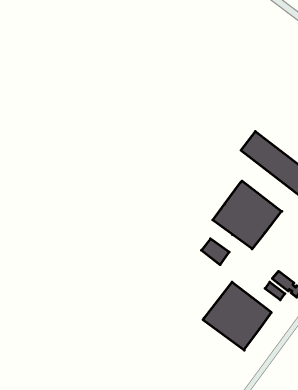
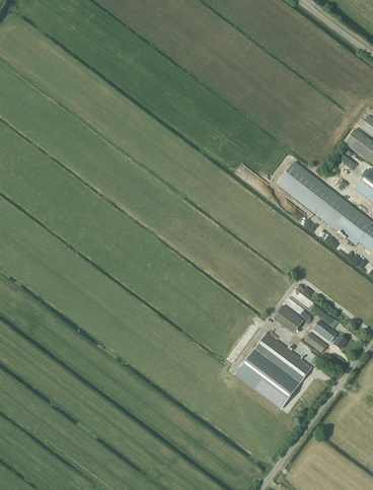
building: [213,181,282,249] -> none
building: [201,239,229,265] -> [272,304,303,334]

